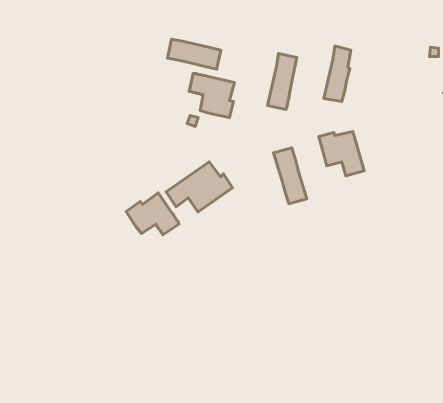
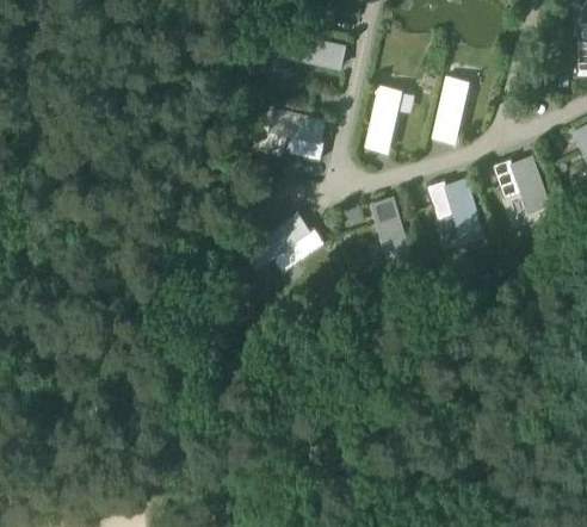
building: [167,39,221,69] -> [282,33,345,69]
building: none -> [493,155,548,207]
building: [126,193,179,235] -> none

